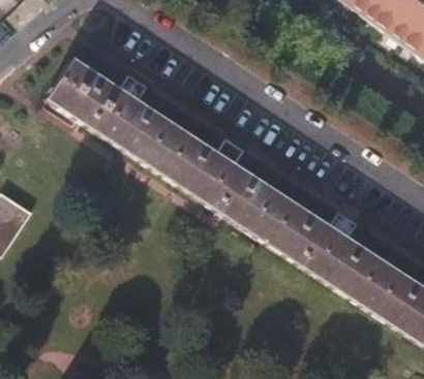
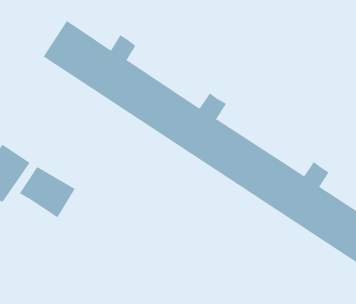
building: none -> [19,166,76,218]

